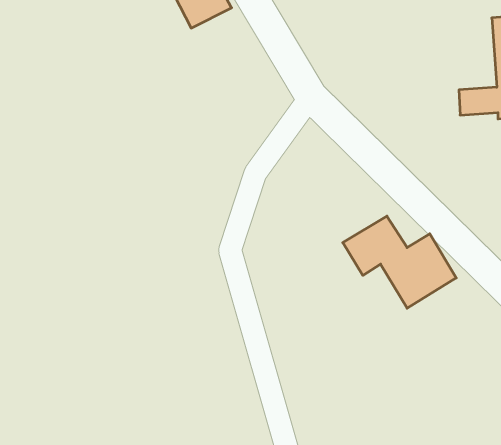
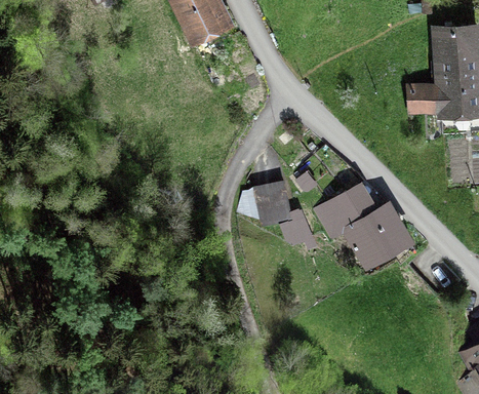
building: none -> [255,183,292,226]

